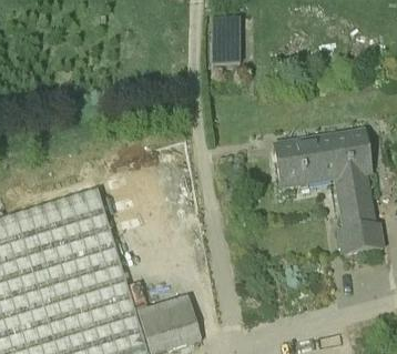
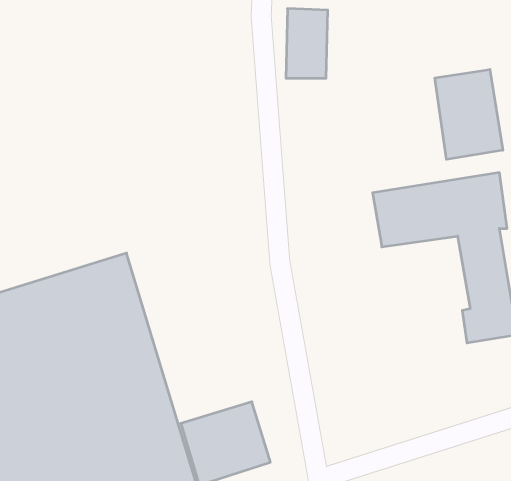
building: none -> [435,69,503,159]

